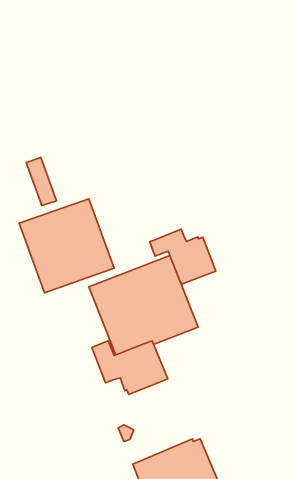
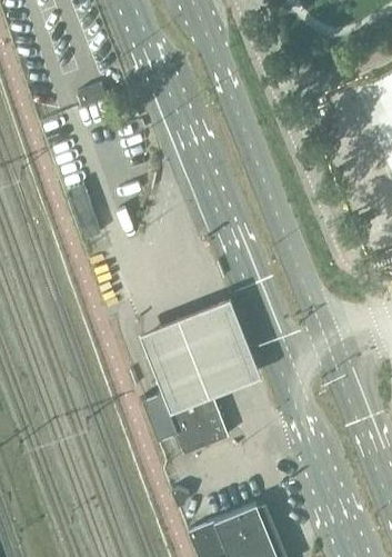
building: [19,199,114,293] -> none
building: [150,229,216,284] -> none

